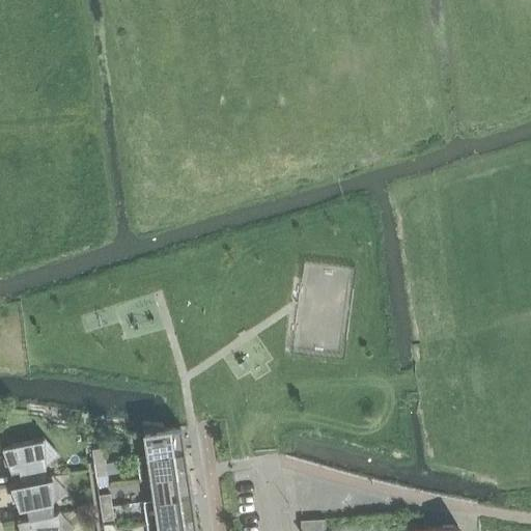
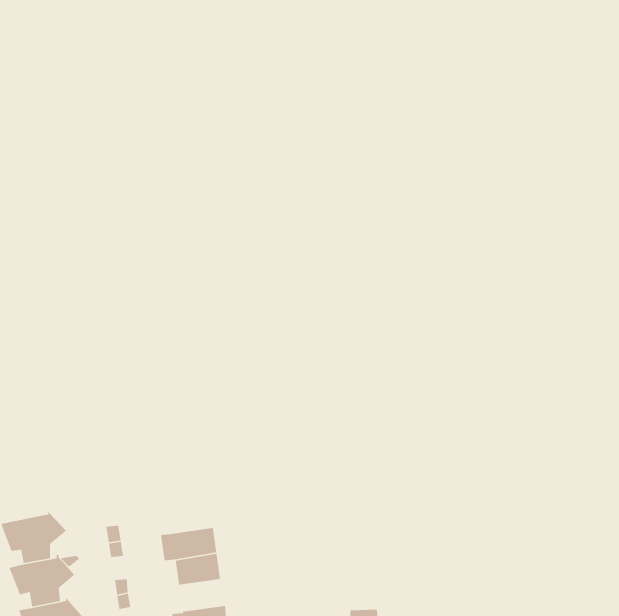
building: [141,425,184,459] -> none
building: [153,499,194,526] -> none

